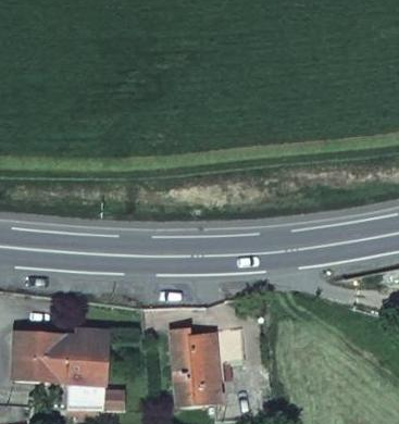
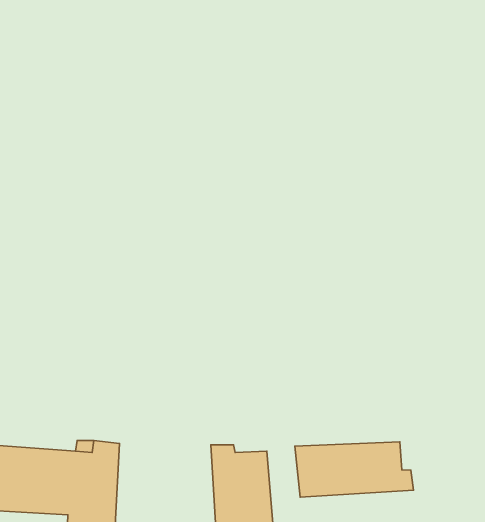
building: none -> [295,442,413,497]

